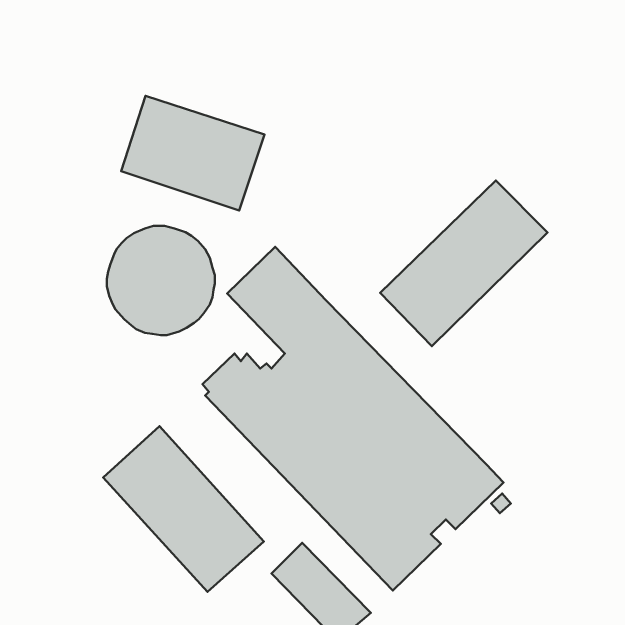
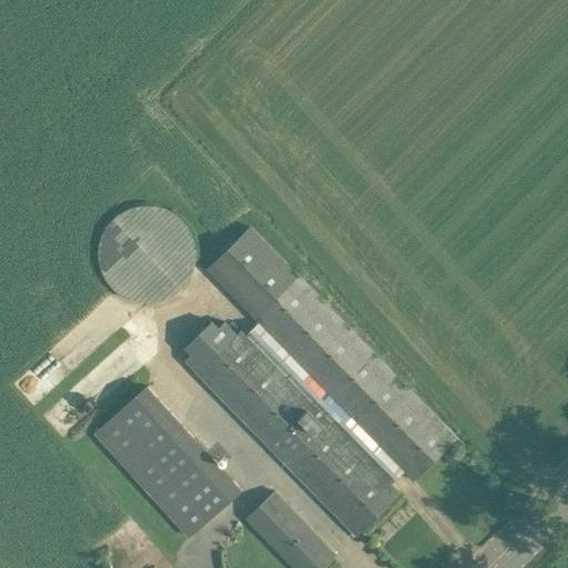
building: [121,96,264,210] -> none
building: [380,181,548,346] -> none

